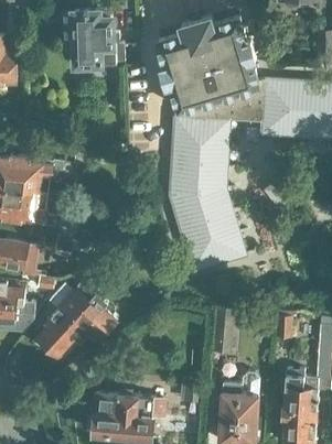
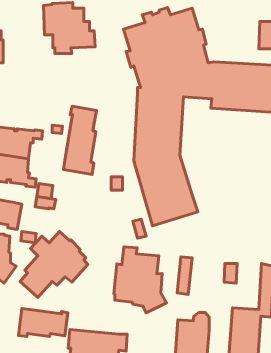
building: none -> [63,106,97,174]
building: none -> [114,247,166,313]
building: none -> [19,308,68,336]

